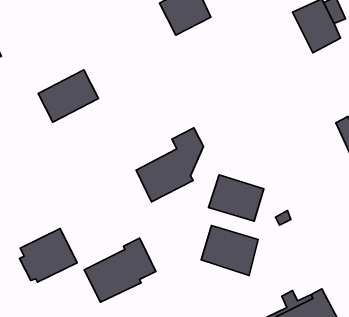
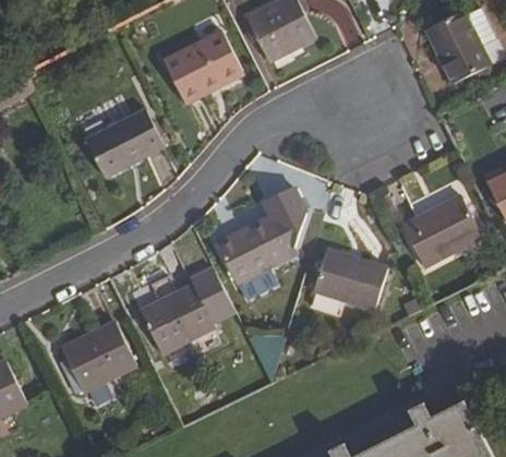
building: none -> [162,29,243,104]
building: none -> [401,195,481,268]
building: [201,226,258,275] -> none
building: [84,238,156,302] -> [138,267,234,353]

